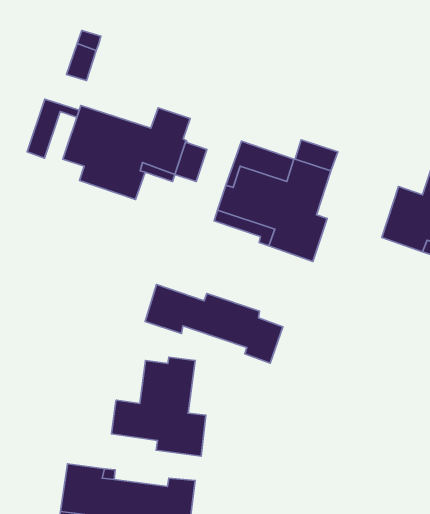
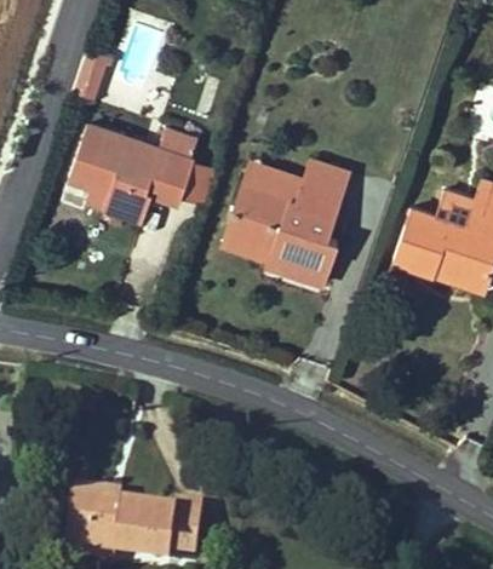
building: [27,99,79,158] -> none
building: [145,285,283,363] -> none
building: [112,357,206,456] -> none

